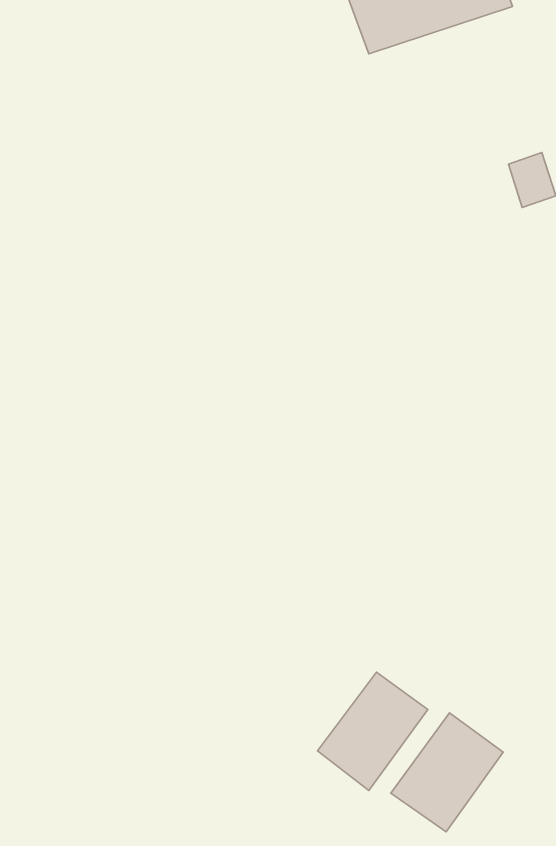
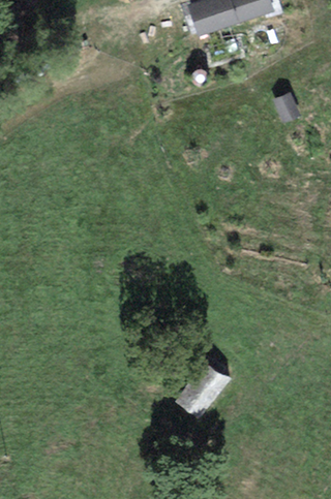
building: [391,713,503,832] -> none

